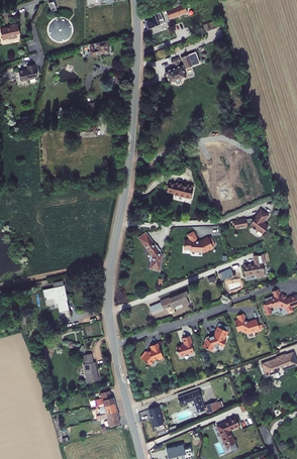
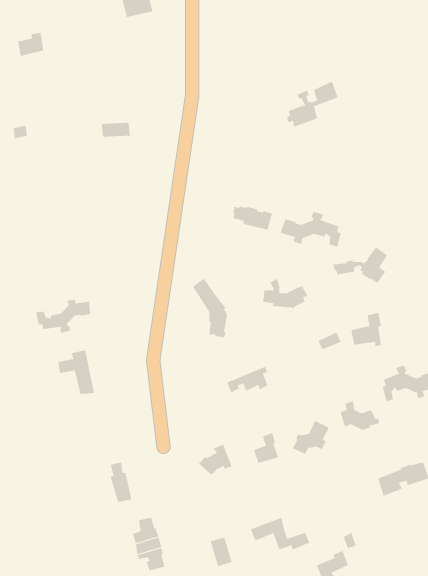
building: [168,49,203,81] -> [286,81,339,127]
building: none -> [280,211,341,248]
building: none -> [36,299,91,333]

